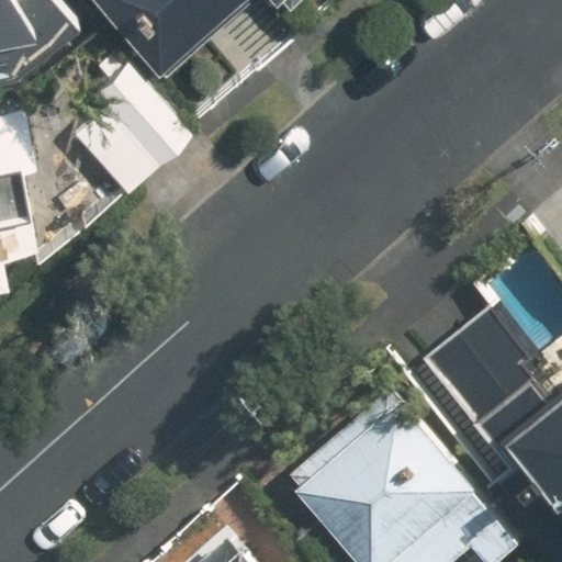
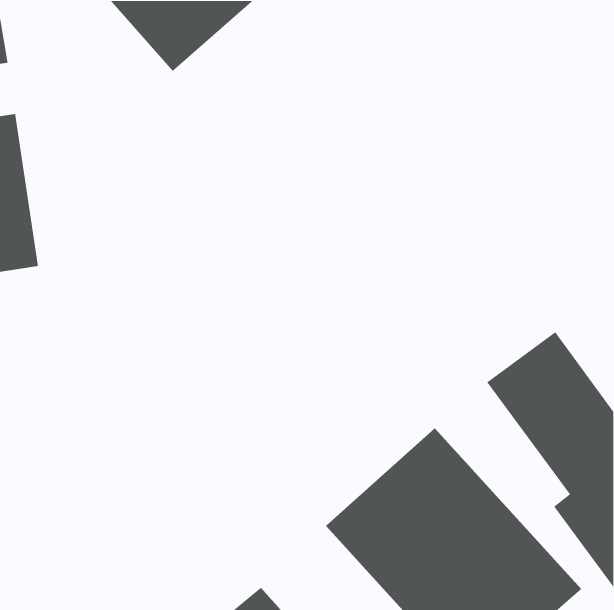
building: [68,71,188,191] -> none

